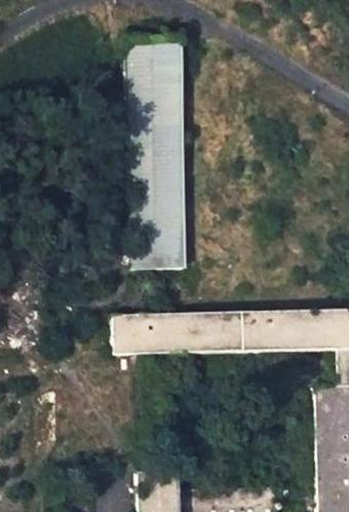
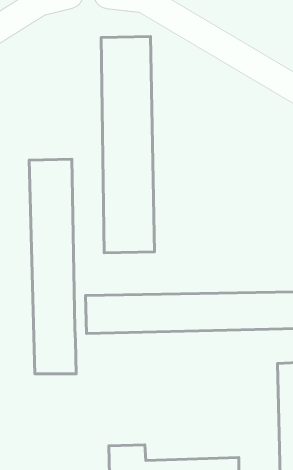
building: none -> [29,159,76,374]

